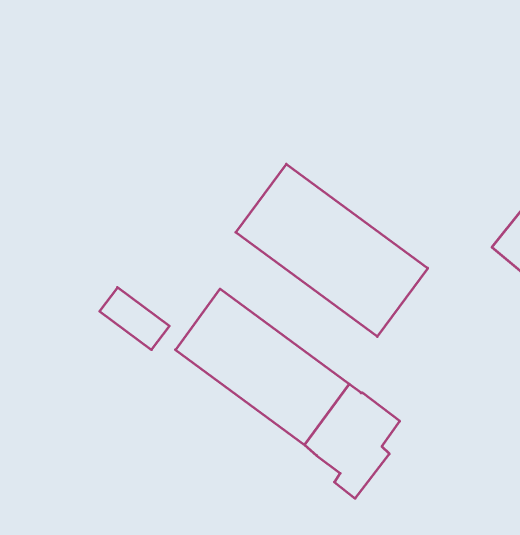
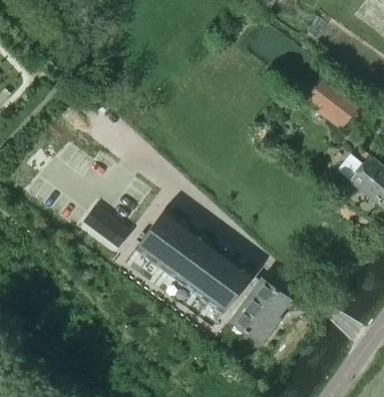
building: none -> [296,70,359,129]
building: [236,164,428,337] -> none

